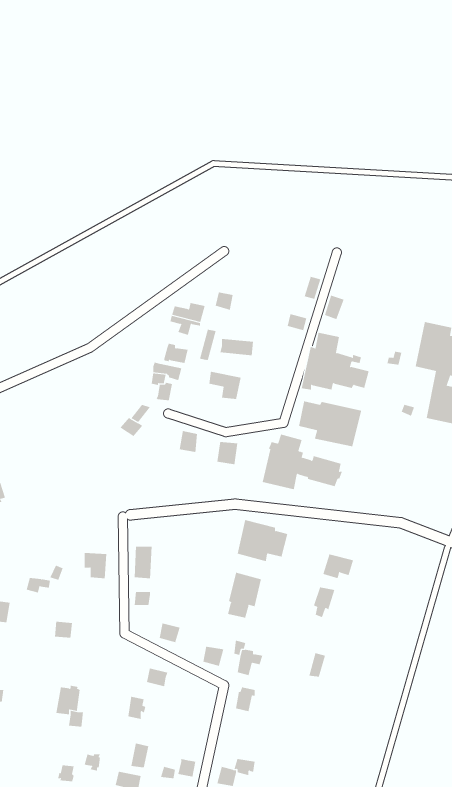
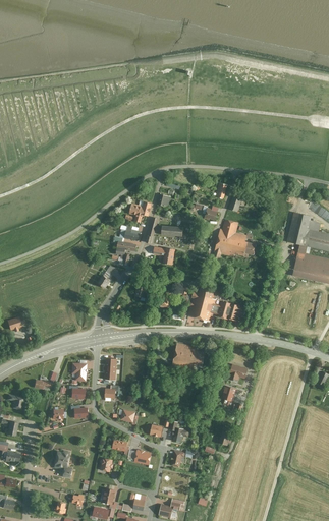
building: [298,401,362,447] -> none
building: [228,572,262,619] -> none

